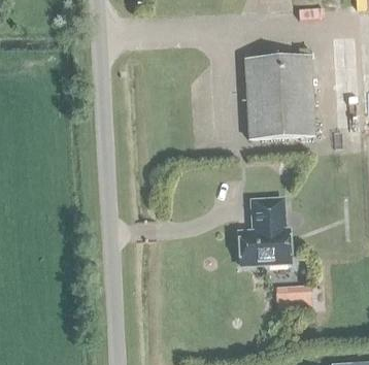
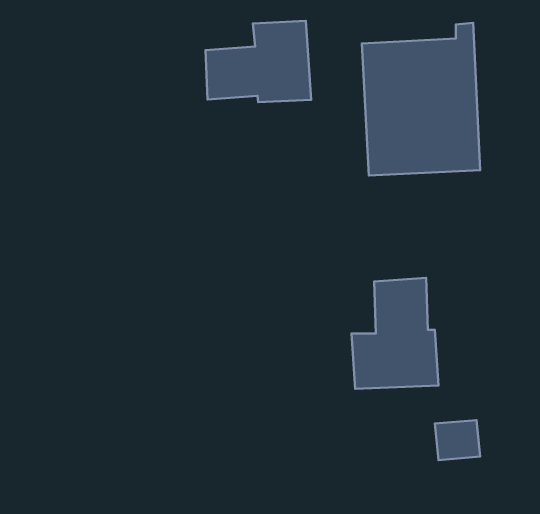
building: none -> [205,21,311,102]

